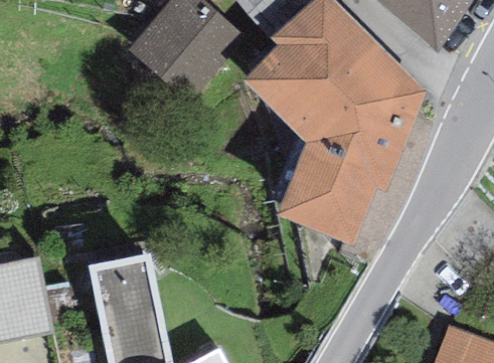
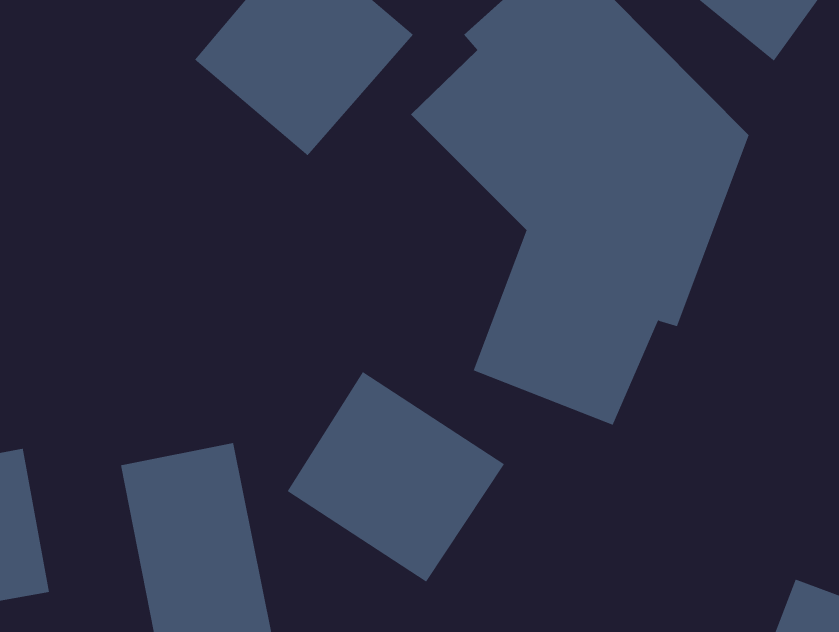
building: none -> [287,371,505,583]

